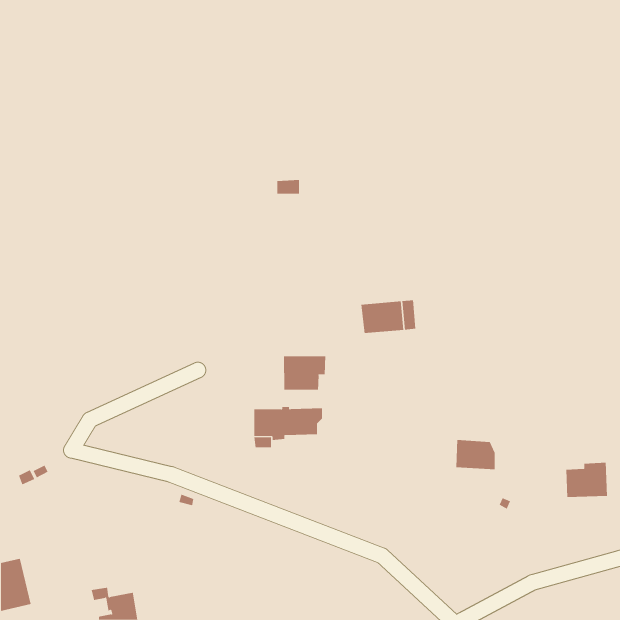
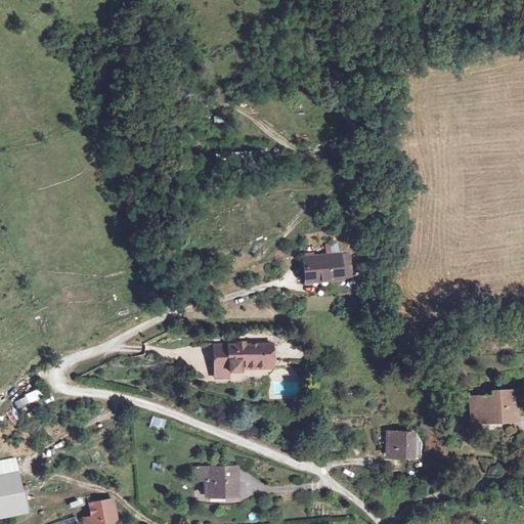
building: [283,355,326,390] -> none
building: [455,440,495,470] -> [387,431,421,456]
building: none -> [195,467,237,495]

